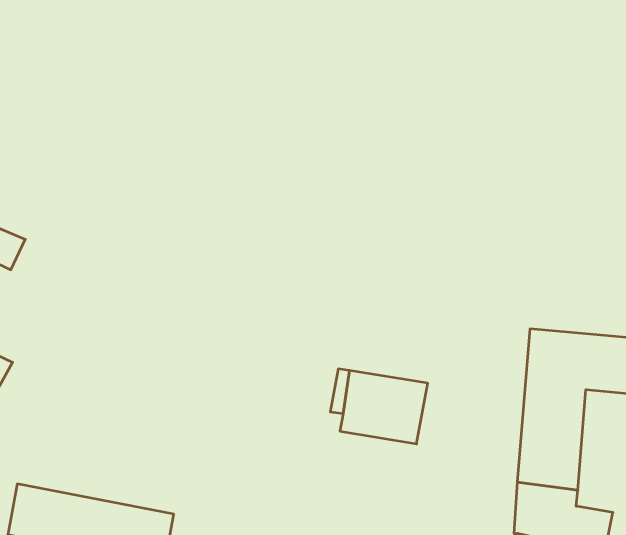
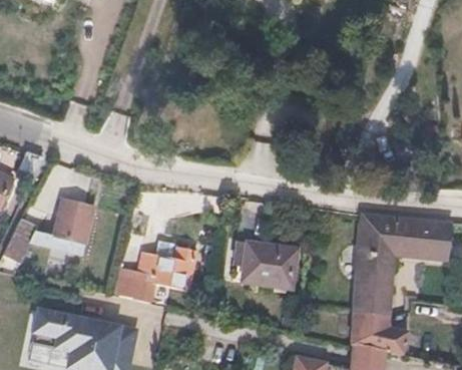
building: none -> [52,200,95,257]
building: none -> [130,245,195,303]

